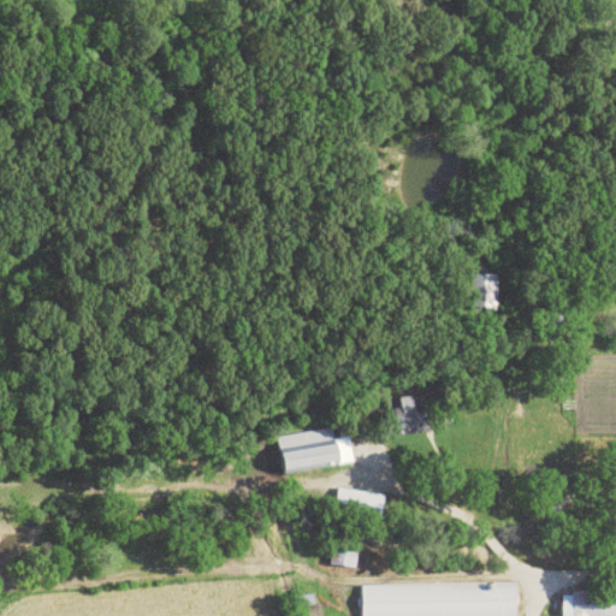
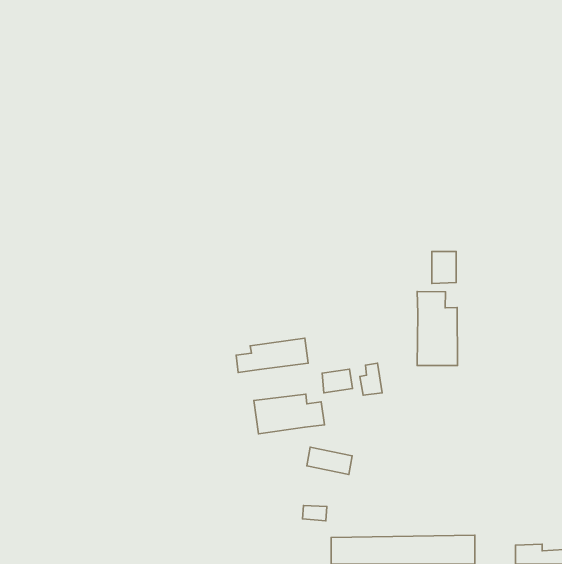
building: none -> [417,292,458,365]
building: none -> [236,338,308,372]
building: none -> [322,369,352,393]

